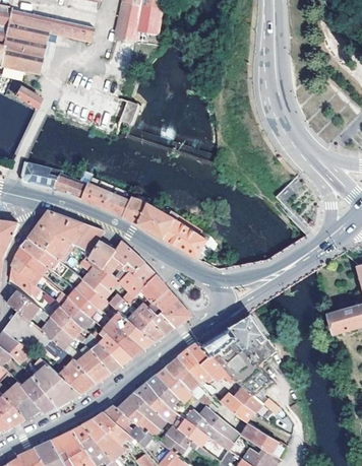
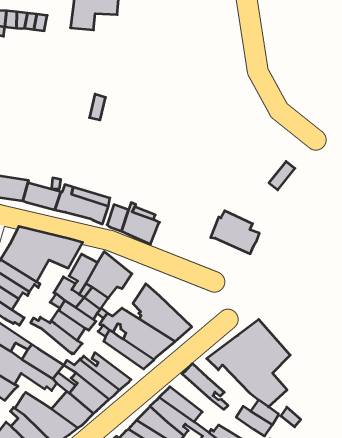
building: [163,216,206,257] -> [211,211,259,254]
building: [120,263,155,292] -> none
building: [43,293,82,337] -> none
building: [103,320,144,356] -> none
building: [188,341,236,383] -> none
building: [166,356,217,411] -> none

